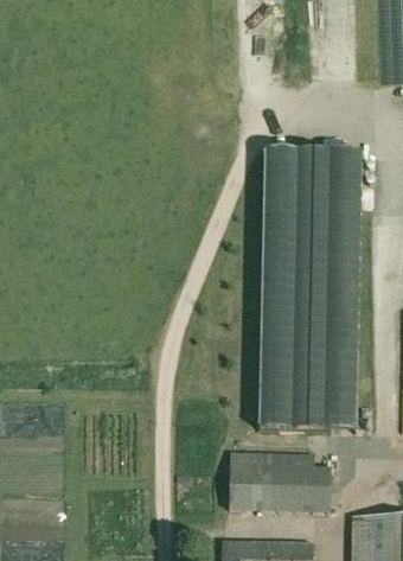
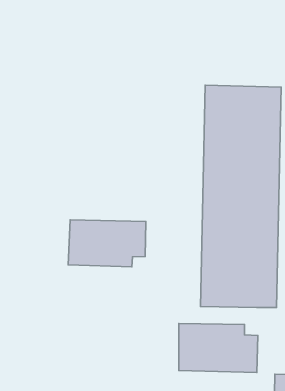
building: none -> [68,220,146,267]

